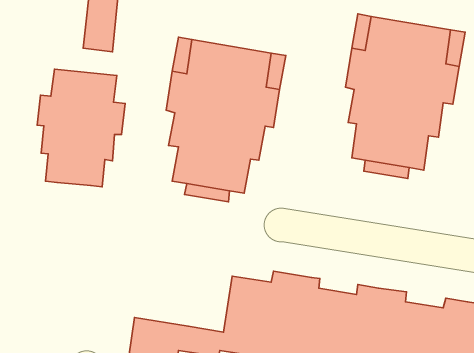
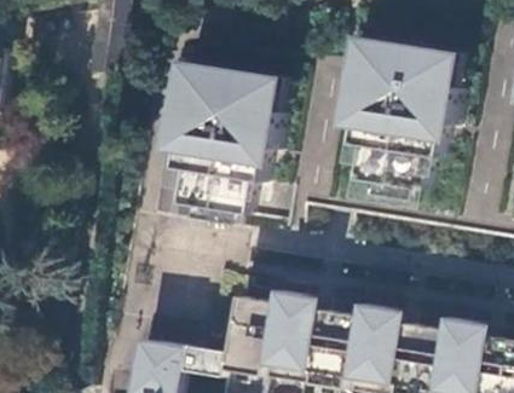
building: [37,69,125,187] -> none

